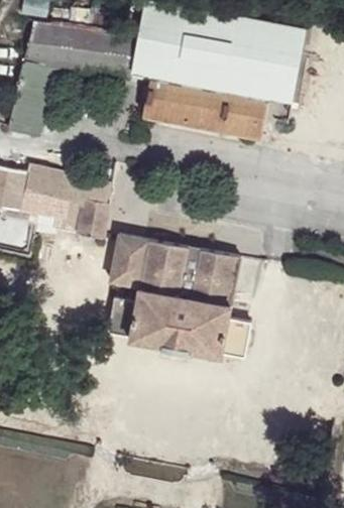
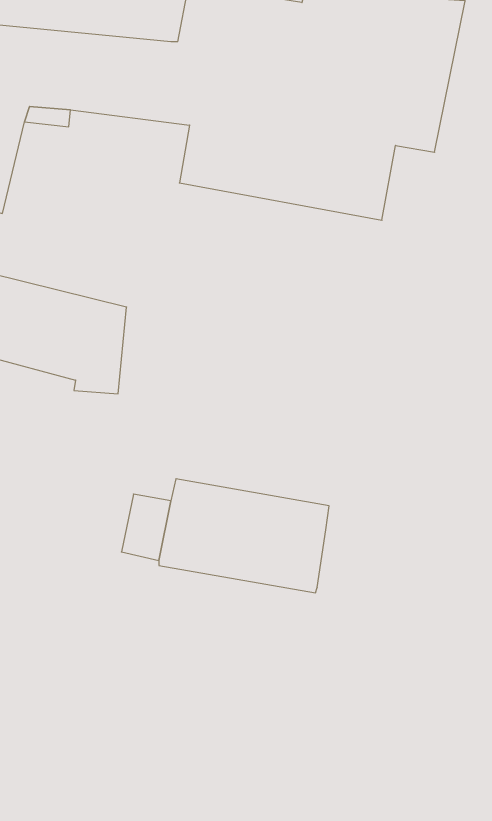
building: [112,237,239,306] -> none
building: [222,321,252,360] -> none

